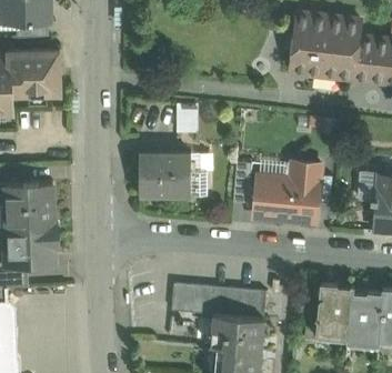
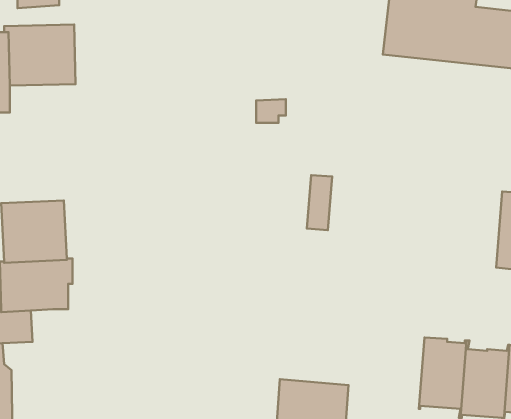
building: [140,153,209,195] -> none
building: [254,161,321,221] -> none
building: [171,283,267,319] -> none

